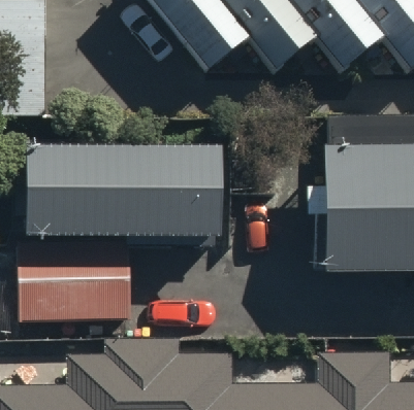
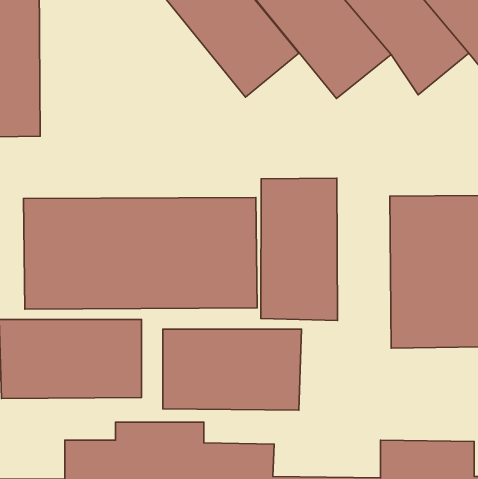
building: none -> [261,178,337,321]
building: none -> [163,329,301,410]

